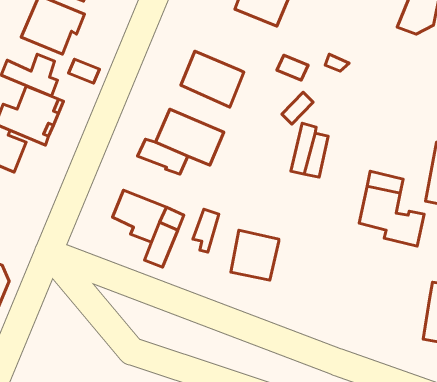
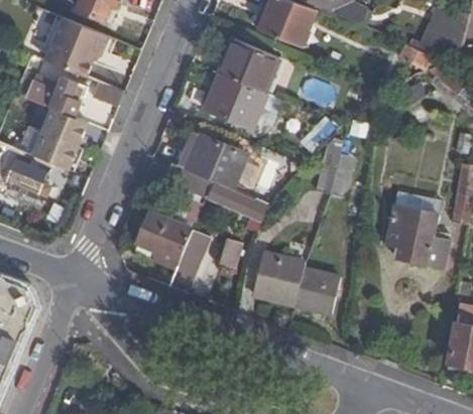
building: none -> [219,38,279,94]
building: none -> [208,184,273,223]
building: none -> [294,266,342,313]

